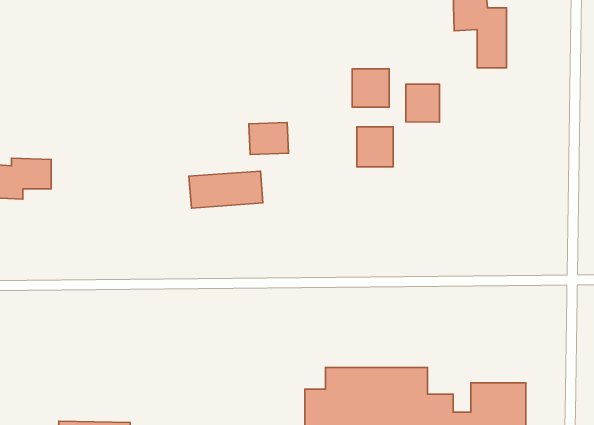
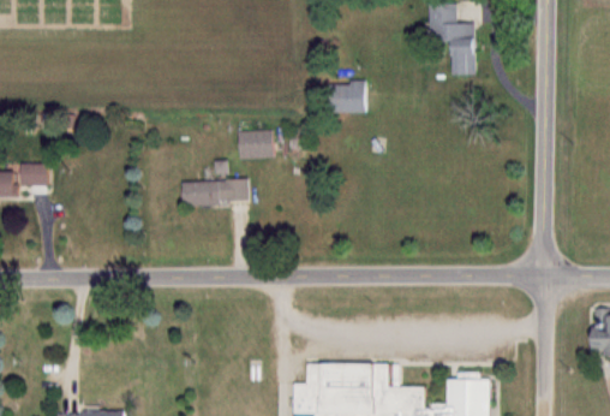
building: [406,84,439,122] -> none
building: [357,127,393,167] -> none

